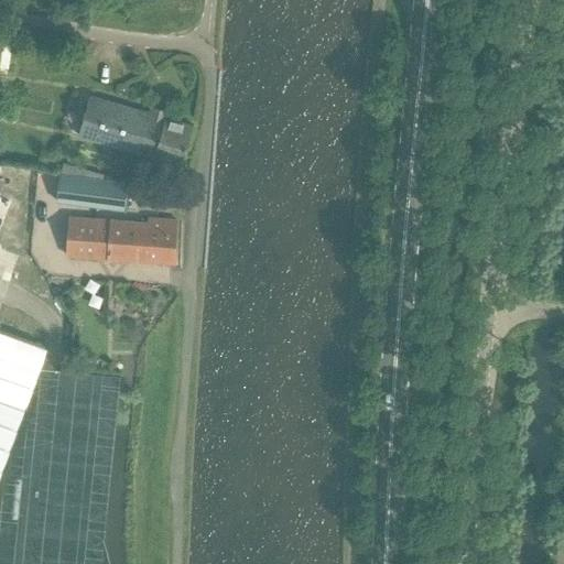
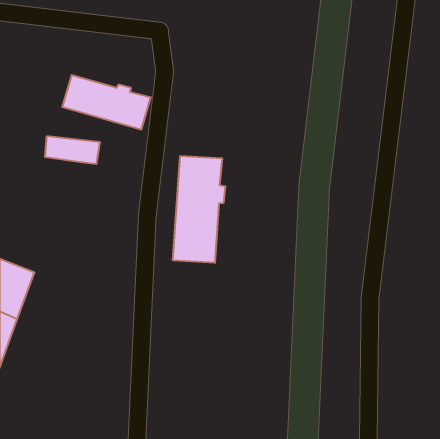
building: none -> [173,156,225,263]
building: [66,217,176,263] -> none

